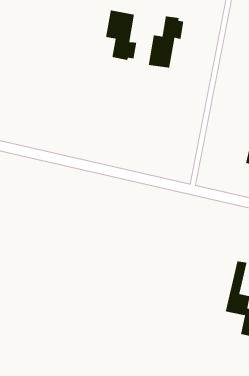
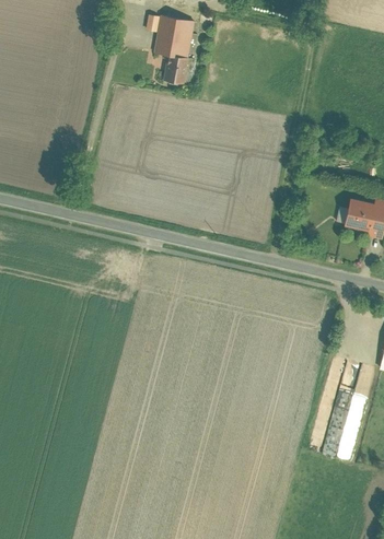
building: [148,16,184,69] -> none

